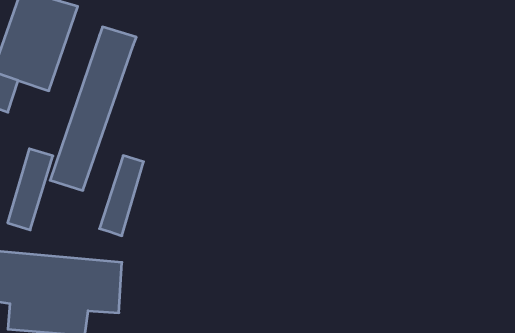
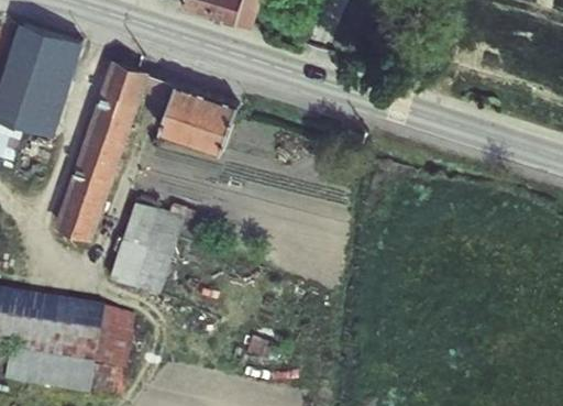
building: none -> [161,86,238,153]
building: [8,149,53,230] -> [132,208,180,295]

